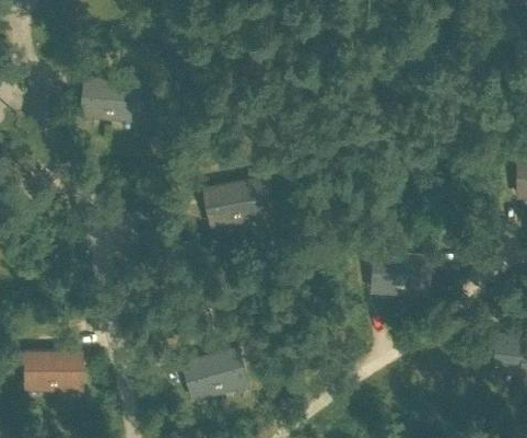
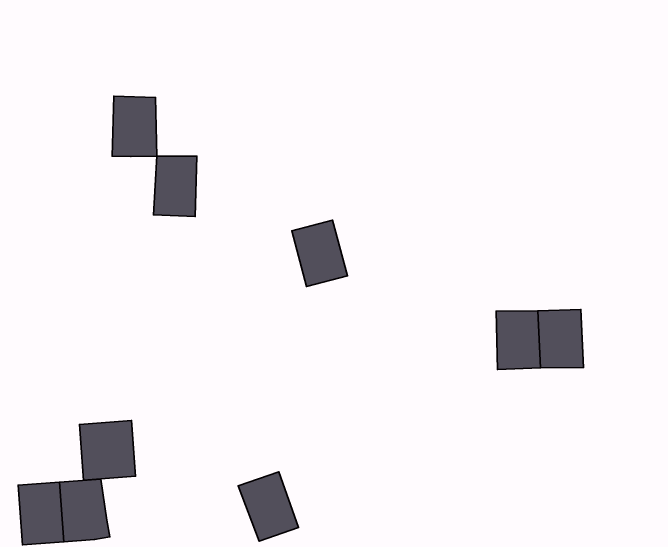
building: [78,77,112,122] -> [153,156,197,216]
building: [201,184,238,230] -> none
building: none -> [79,420,136,480]
building: [209,347,249,395] -> none

